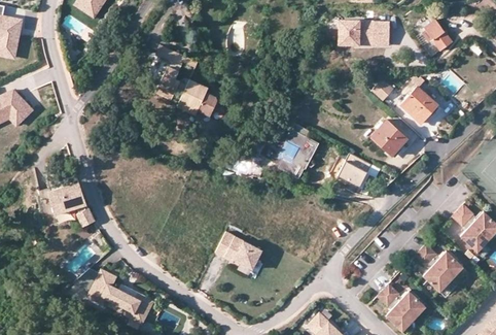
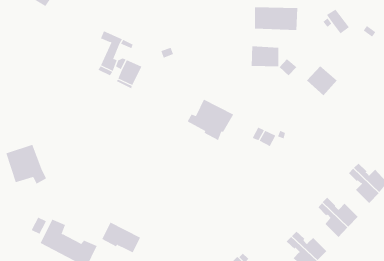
building: none -> [251,46,279,67]
building: [370,121,406,156] -> none
building: [215,231,261,268] -> [102,222,141,253]

